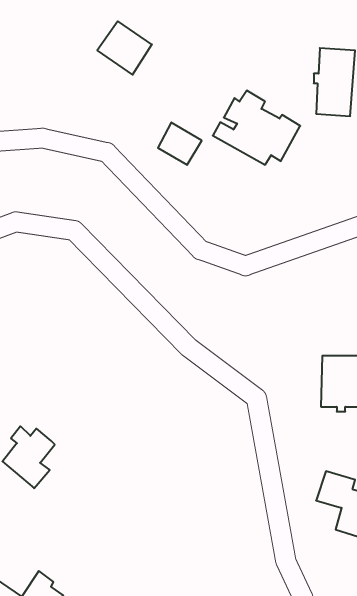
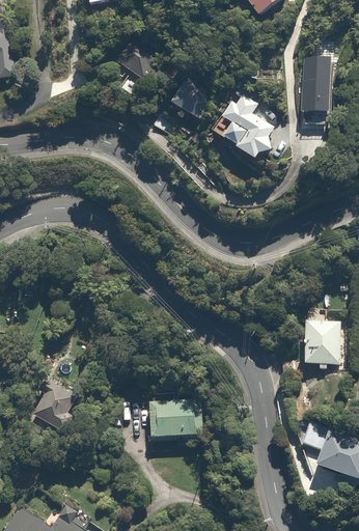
building: [158,122,202,165] -> [172,82,210,118]
building: none -> [149,400,201,440]

